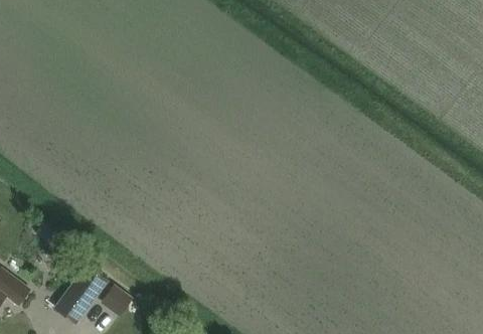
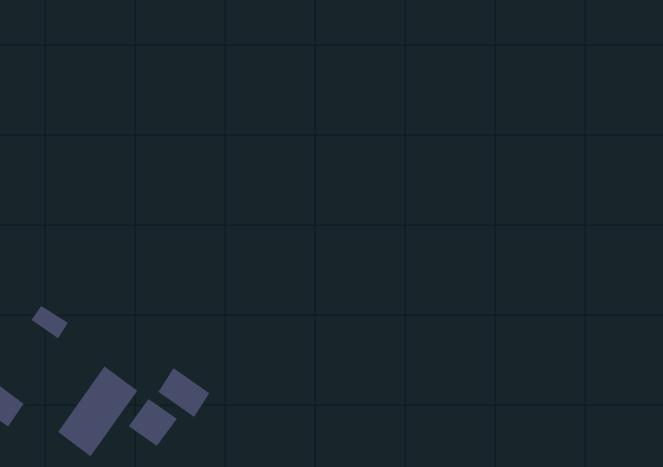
building: none -> [158,367,210,418]

